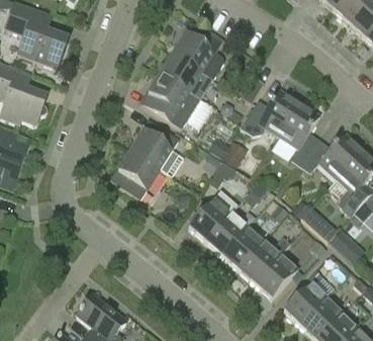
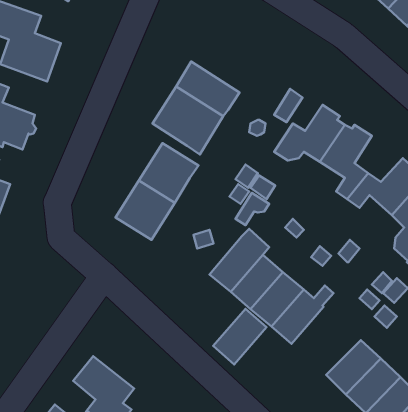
building: [173,22,223,78] -> none
building: [255,253,298,299] -> [213,309,267,364]

